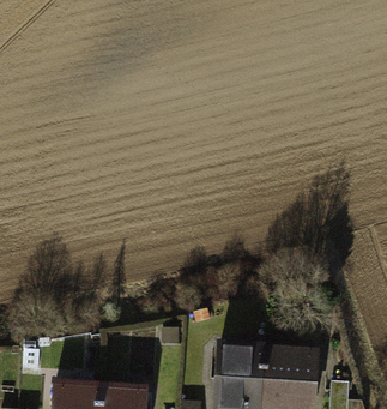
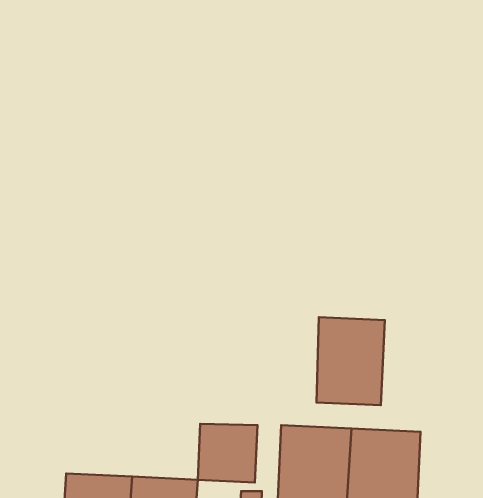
building: none -> [316,317,385,405]
building: none -> [198,424,258,483]

